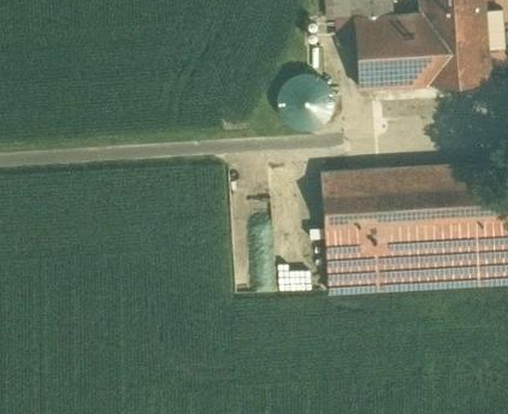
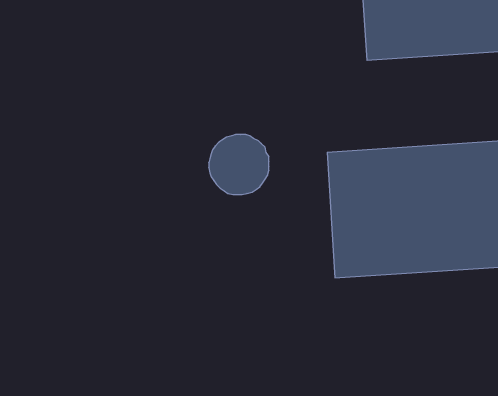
building: [277,73,333,130] -> [209,135,269,195]

